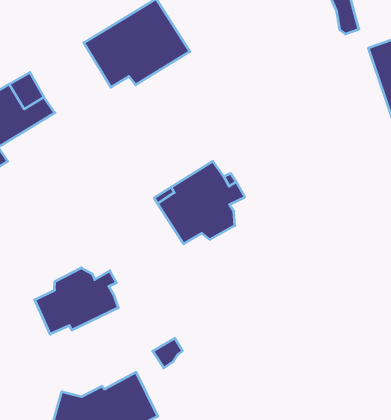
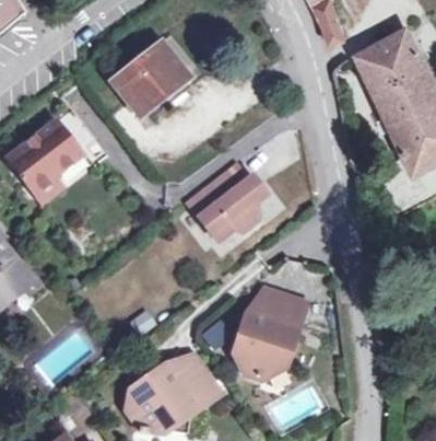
building: [35,268,118,334] -> none
building: none -> [232,287,307,378]

